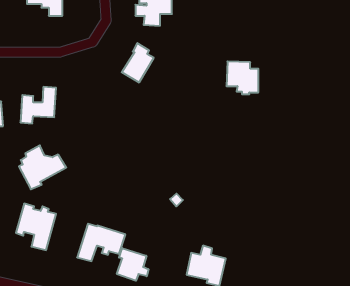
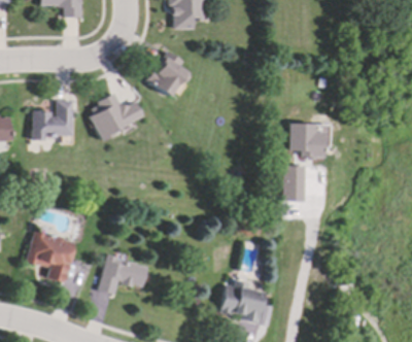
building: [226,61,258,94] -> [289,124,325,161]
building: [19,145,66,189] -> [90,93,143,142]
building: none -> [283,168,306,204]
building: [117,248,148,281] -> none

